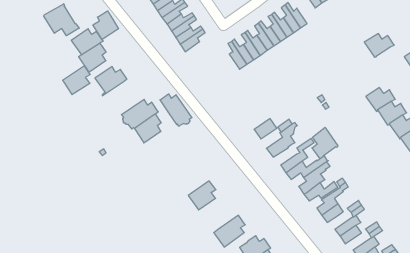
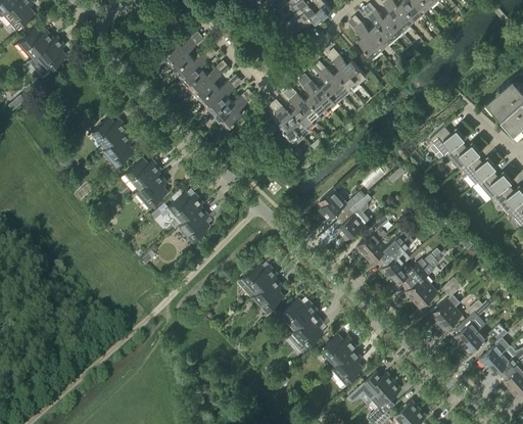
building: [44,4,79,36] -> none
building: [93,11,118,39] -> none
building: [364,34,394,57] -> [429,127,465,155]
building: [63,66,90,95] -> [135,173,168,208]
building: [160,94,192,126] -> none
building: [312,127,338,159] -> none
building: none -> [240,263,277,297]
building: none -> [280,298,317,333]

